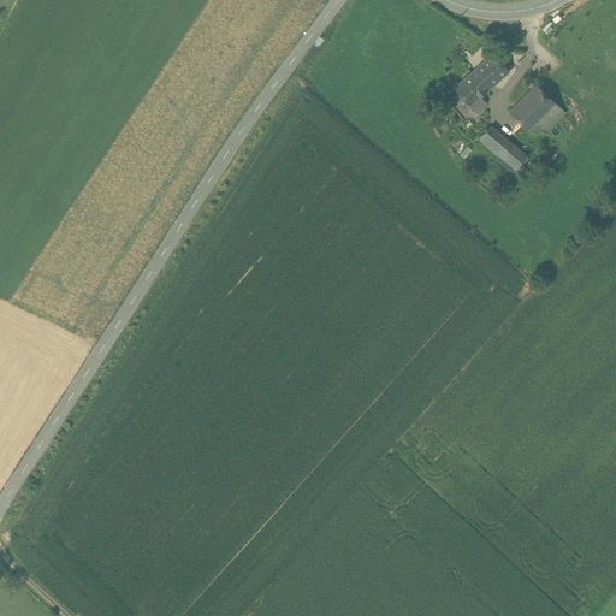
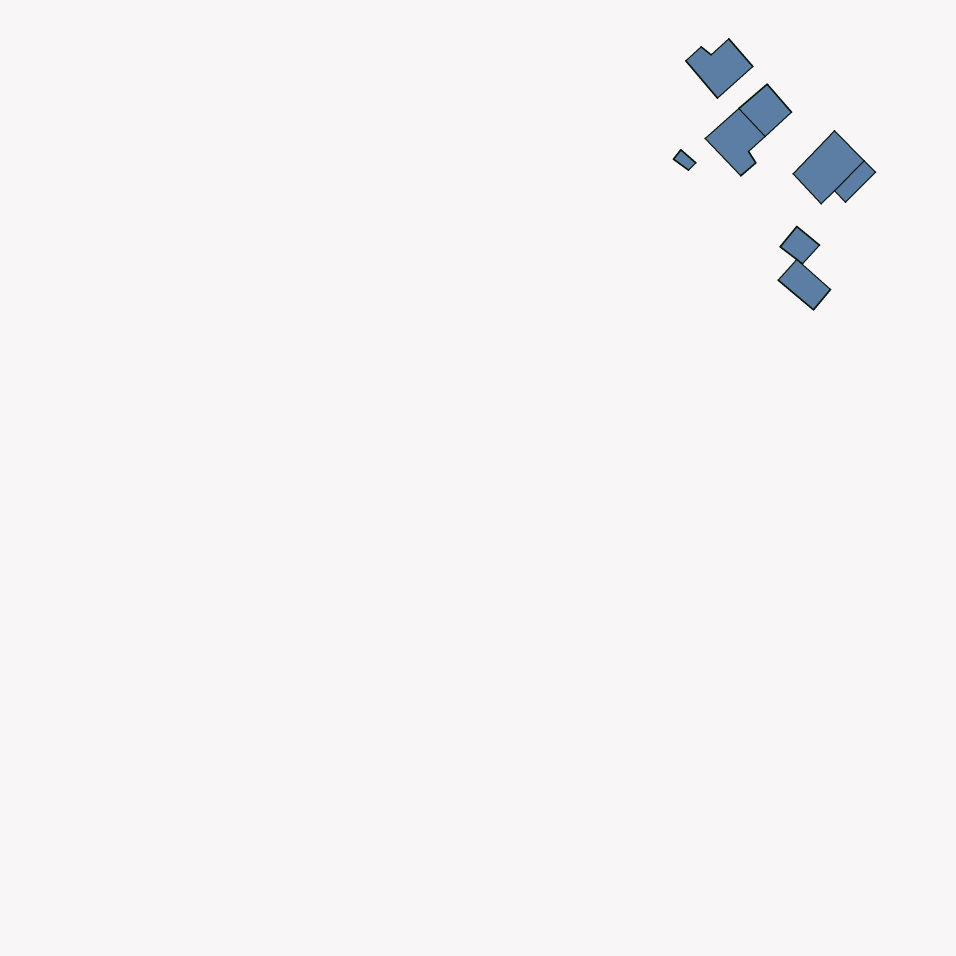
building: none -> [686,39,753,98]
building: [479,126,513,159] -> [778,259,830,310]

